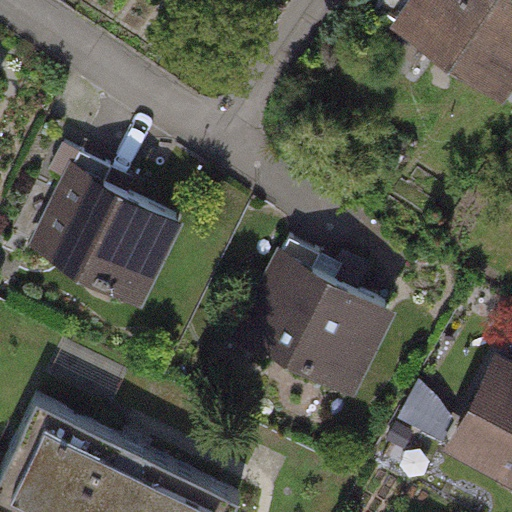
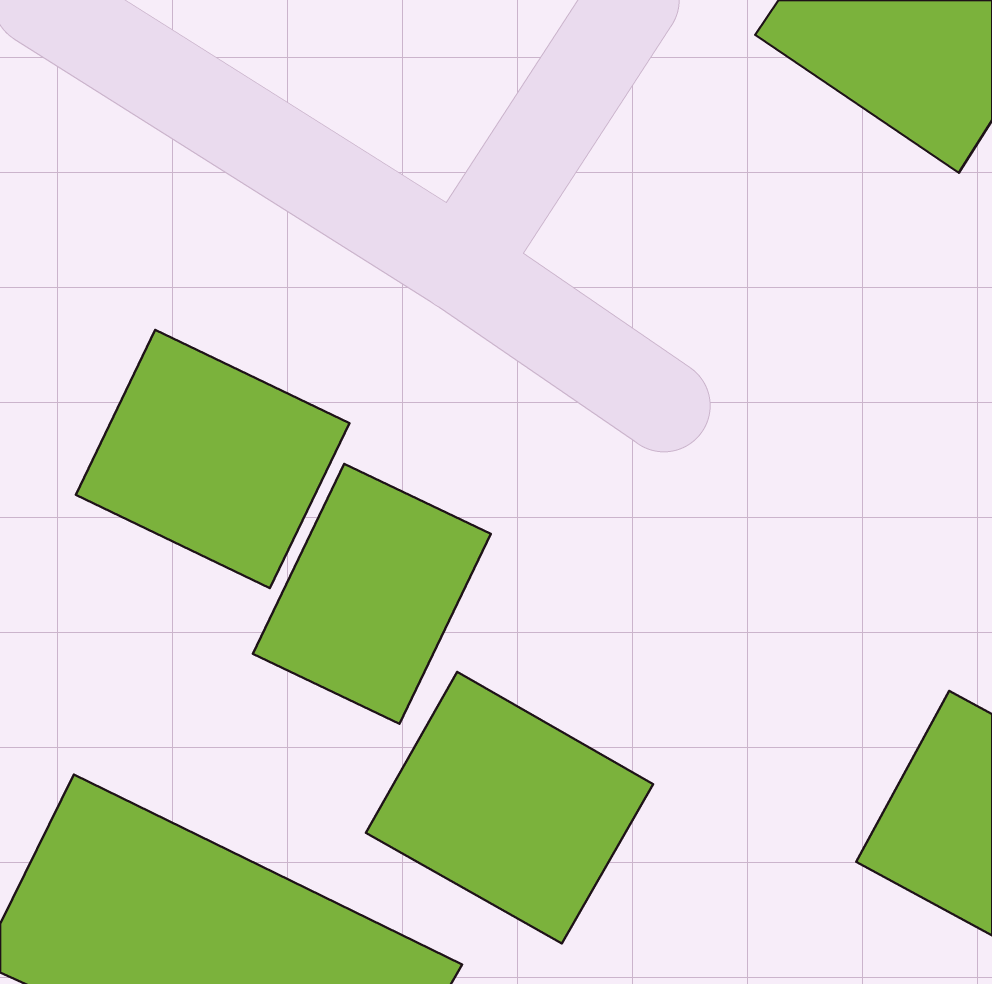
building: none -> [253,464,491,724]
building: [247,253,395,393] -> [366,672,653,943]

